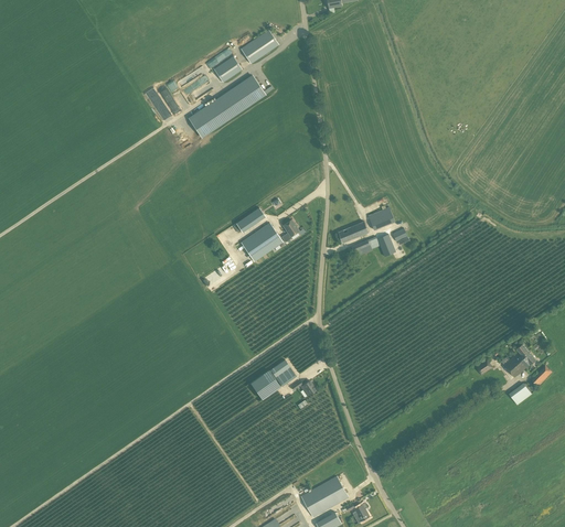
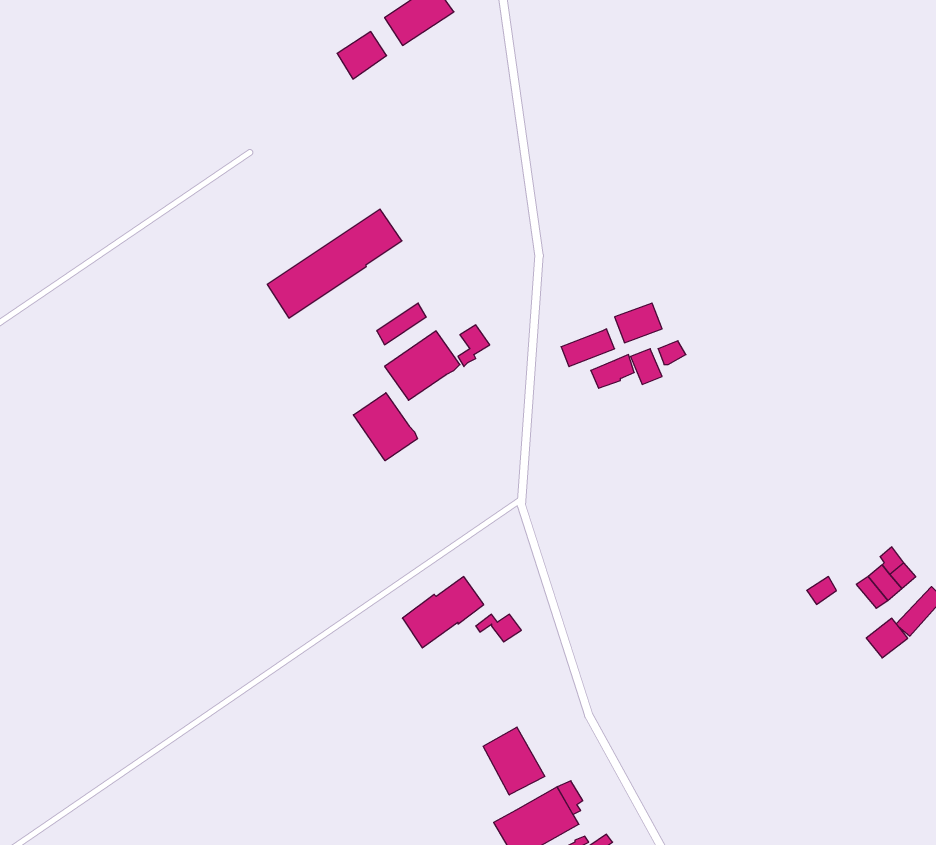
building: [189,76,264,137] -> [267,209,402,318]
building: none -> [353,393,418,461]
building: none -> [483,727,545,795]

